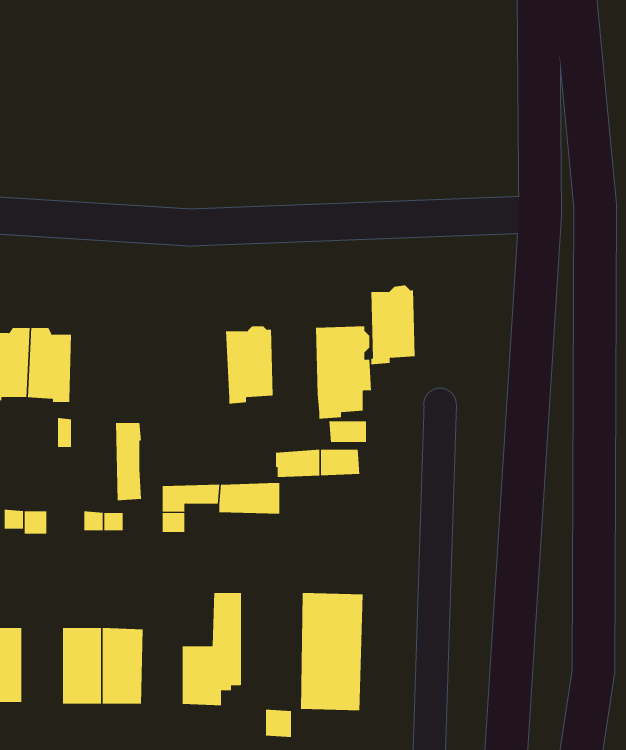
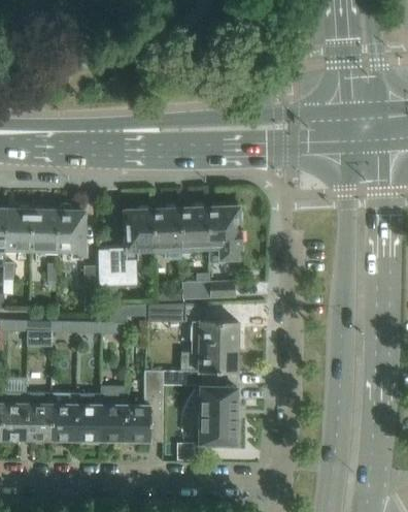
building: [370,285,415,365] -> [181,204,209,254]
building: none -> [57,204,83,259]
building: none -> [109,207,155,275]
building: none -> [181,322,239,373]
building: none -> [101,387,126,441]
building: none -> [27,393,52,441]

